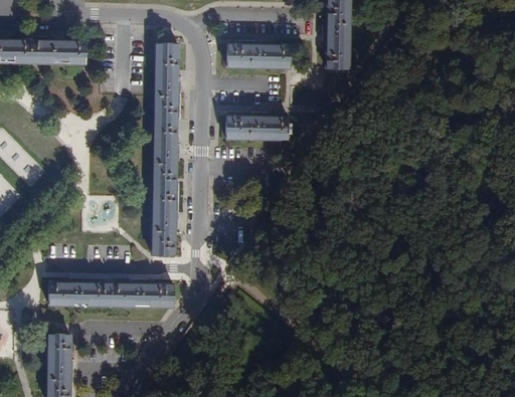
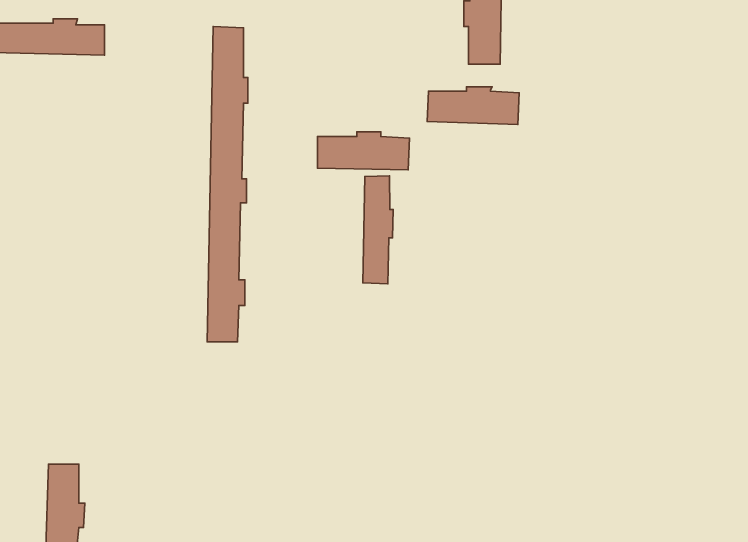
building: [227,42,289,67] -> [427,87,519,124]
building: none -> [363,176,393,284]
building: [48,279,173,306] -> none

